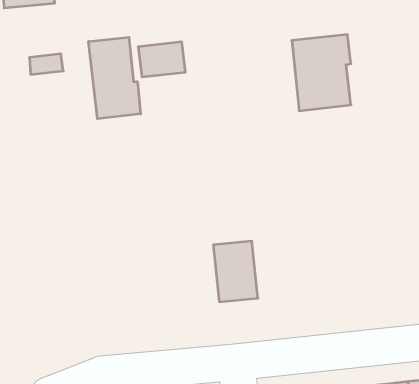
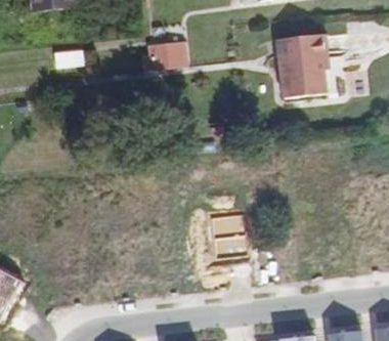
building: [89,37,141,119] -> none

